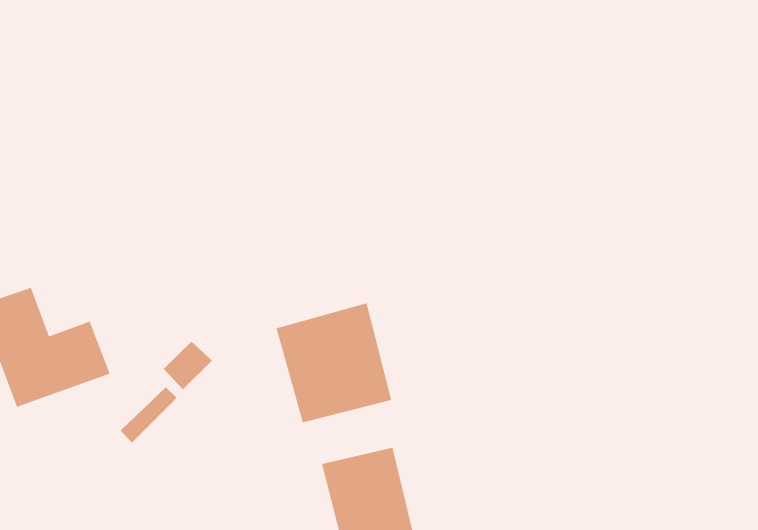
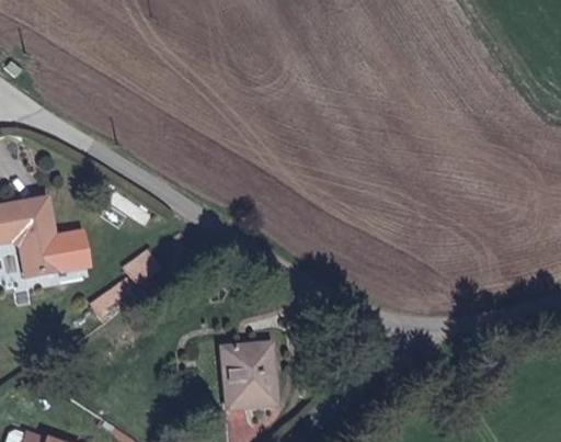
building: [276,303,392,423] -> none

